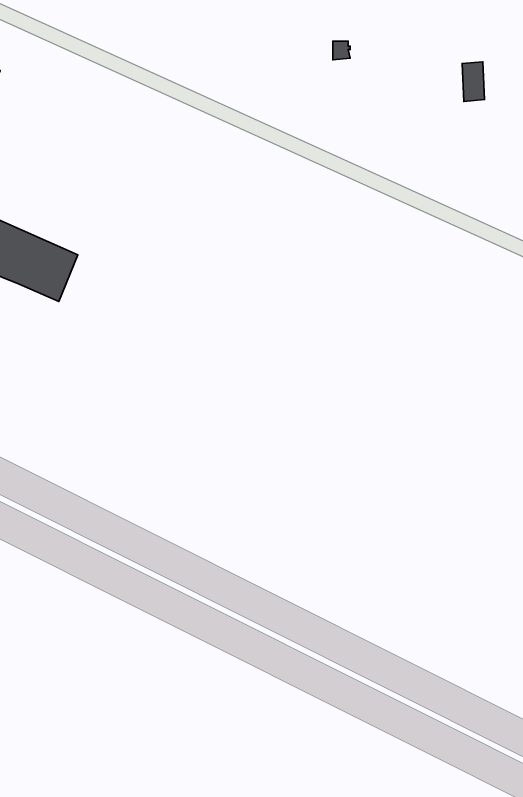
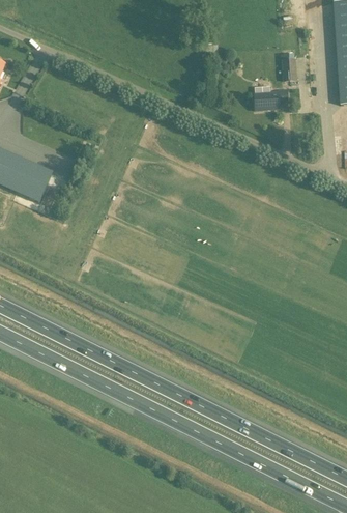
building: none -> [254,84,288,108]

